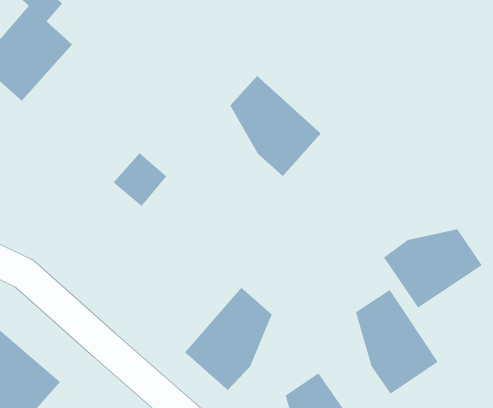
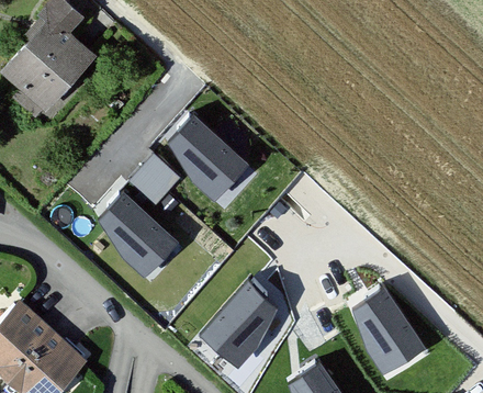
building: [229,75,322,177] -> [167,111,250,203]
building: none -> [97,191,181,283]
building: [383,229,483,309] -> none

